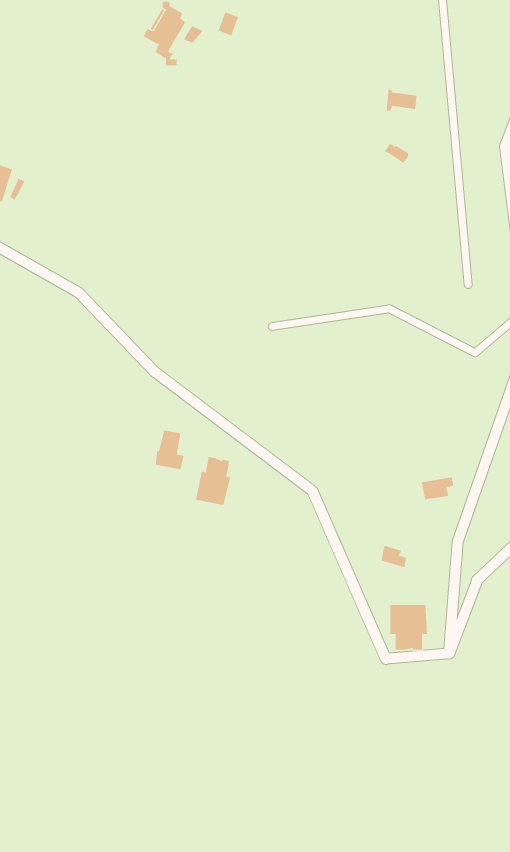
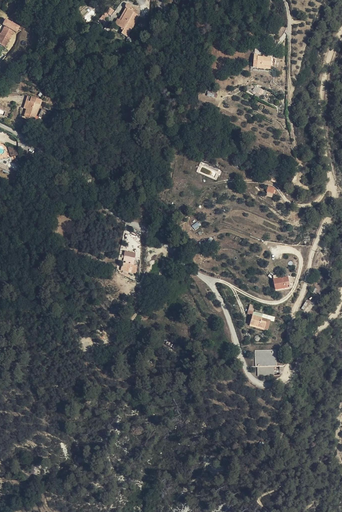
building: [196,456,231,506] -> none

